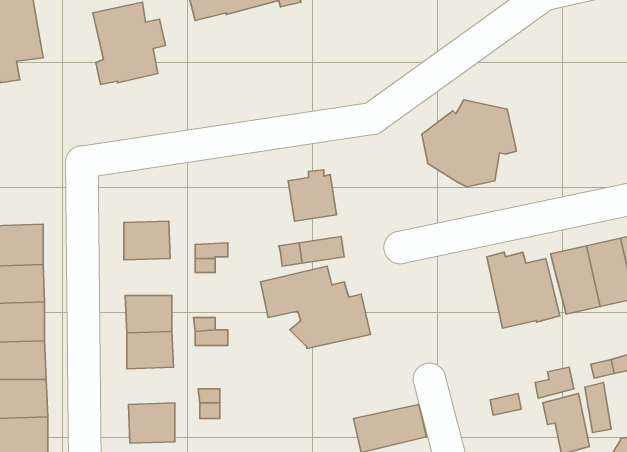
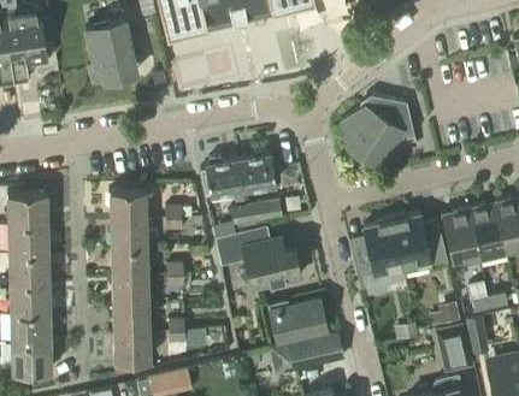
building: none -> [201,156,243,195]
building: none -> [350,217,405,292]
building: none -> [111,218,153,247]
building: none -> [269,297,330,341]
building: none -> [113,302,151,331]

